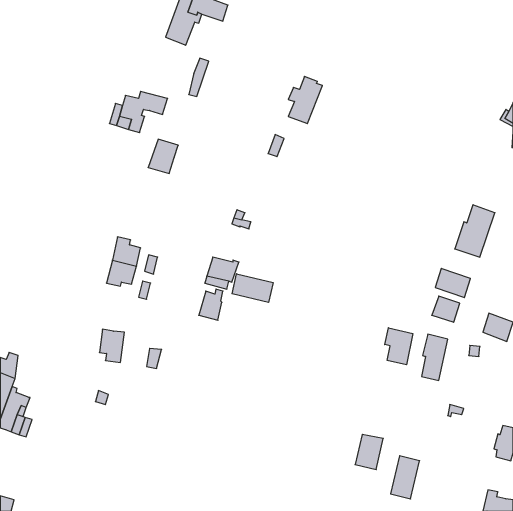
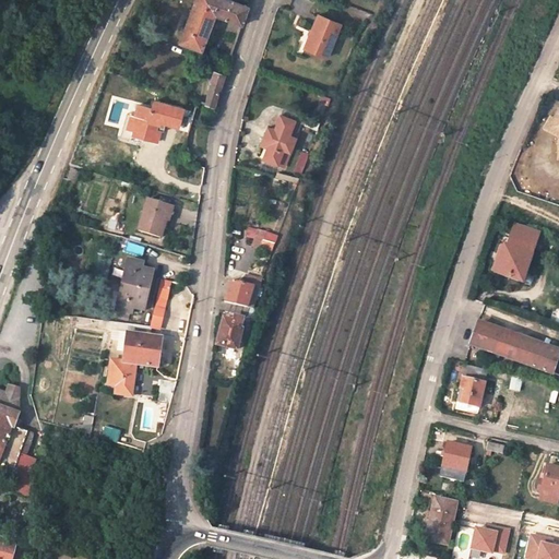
building: none -> [305,13,341,56]
building: [288,76,322,124] -> [263,114,300,165]
building: [148,139,178,173] -> [138,198,170,235]
building: [435,268,470,298] -> [493,330,532,361]
building: [232,274,273,302] -> none
building: none -> [109,320,162,365]
building: [385,328,413,365] -> none
building: [355,434,383,470] -> [440,441,471,479]
building: none -> [471,525,508,551]

